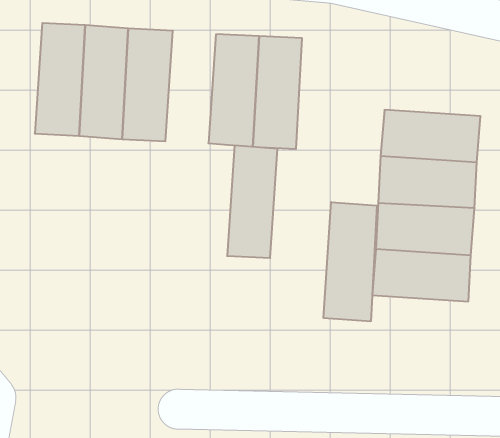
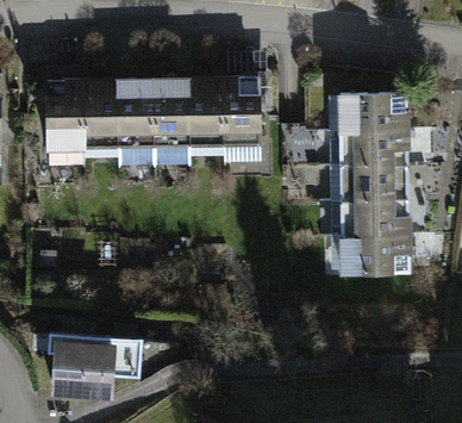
building: none -> [325,83,406,124]
building: [227,145,278,258] -> [146,73,183,164]
building: [324,202,377,321] -> none
building: none -> [45,338,138,406]

